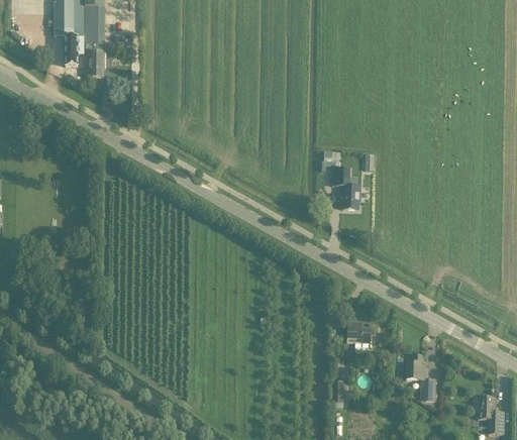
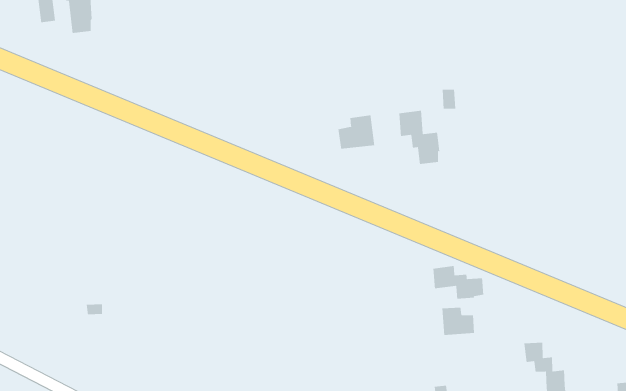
building: none -> [338,114,375,150]
building: none -> [433,265,484,299]

